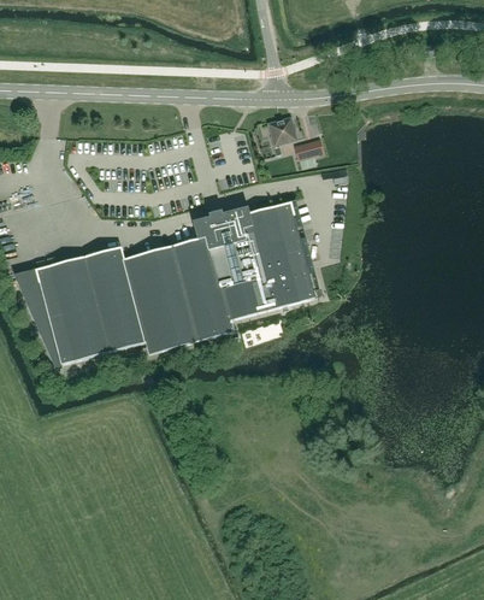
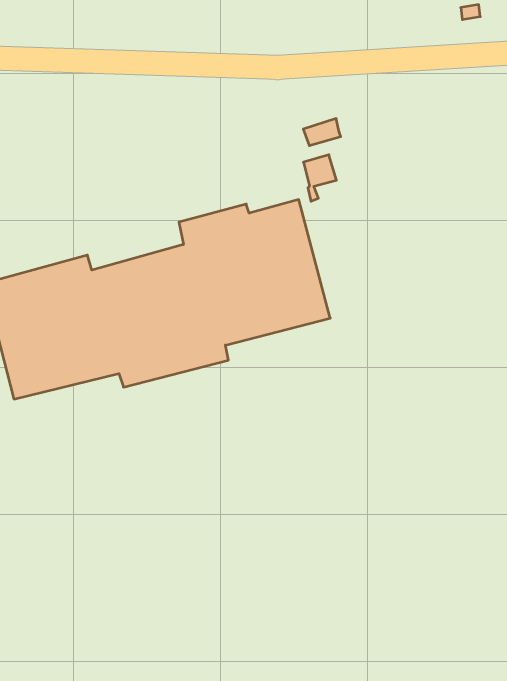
building: [267,118,294,155] -> [303,155,336,201]

